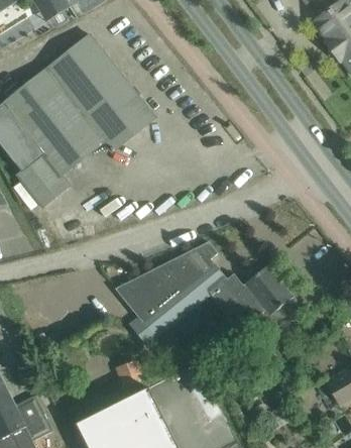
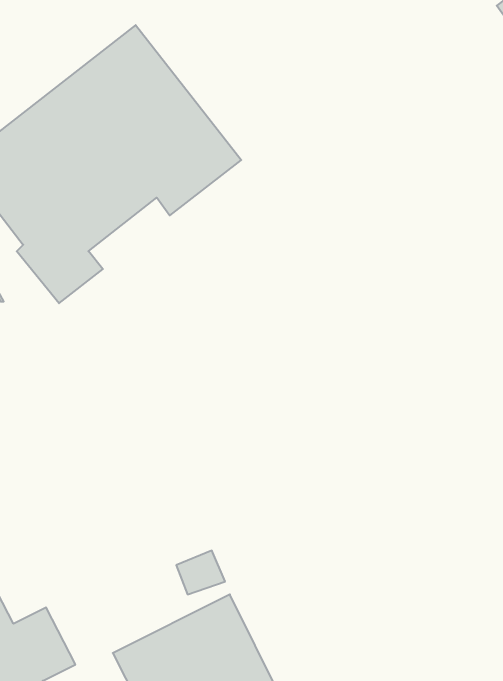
building: [115,245,292,337] -> none

